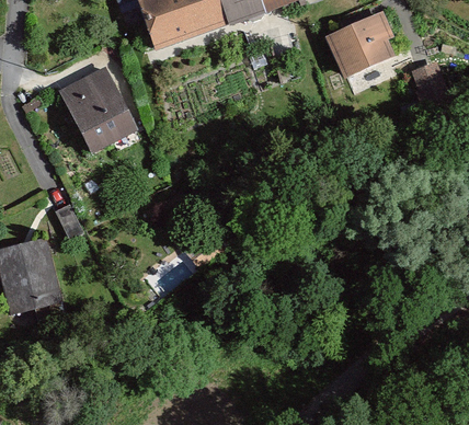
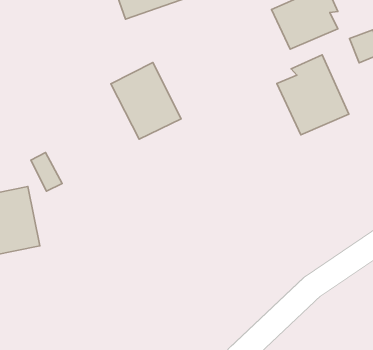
building: [58,68,137,154] -> [111,62,181,139]
building: none -> [277,55,349,135]

